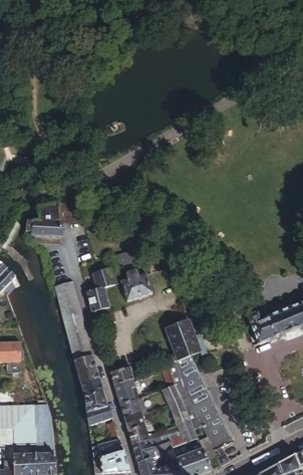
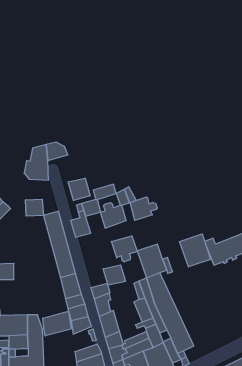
building: none -> [68,178,90,201]
building: none -> [130,197,157,220]
building: none -> [26,199,43,216]
building: none -> [180,234,211,267]
building: none -> [111,236,137,262]
building: none -> [103,265,125,285]
building: none -> [43,311,71,336]

